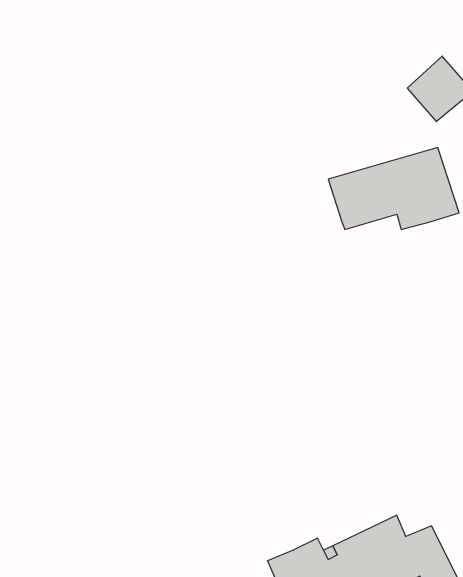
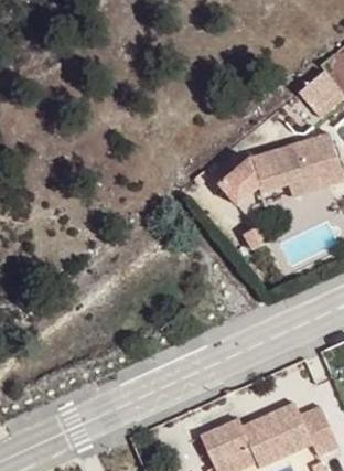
building: none -> [216,159,255,207]

